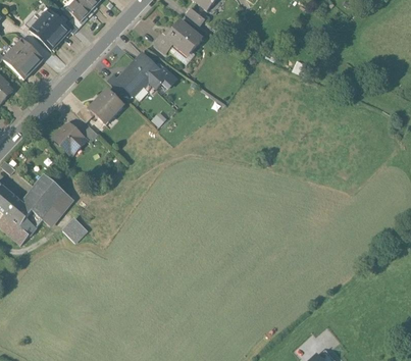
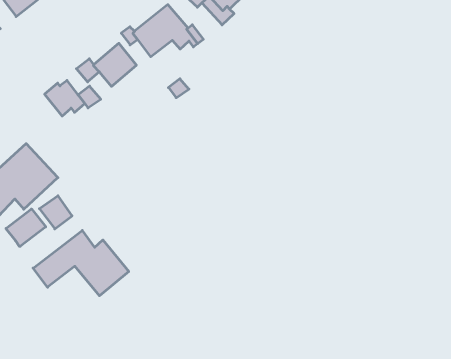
building: none -> [6,209,46,246]
building: none -> [33,230,129,296]

